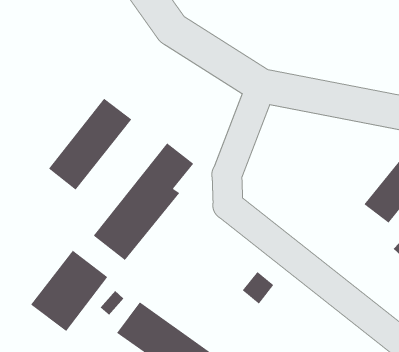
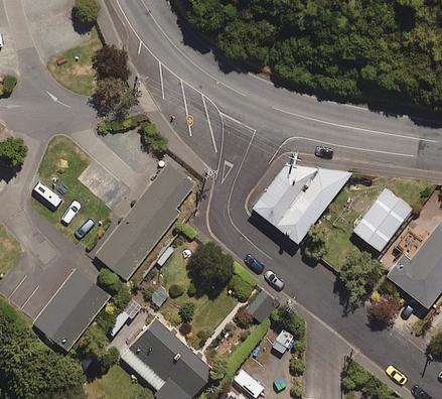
building: [48,98,132,190] -> none
building: none -> [255,144,355,245]

